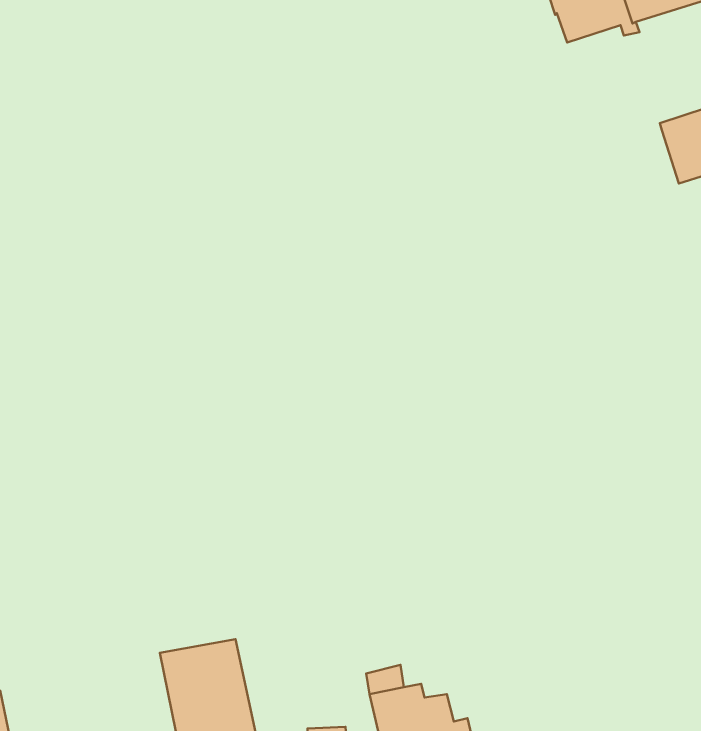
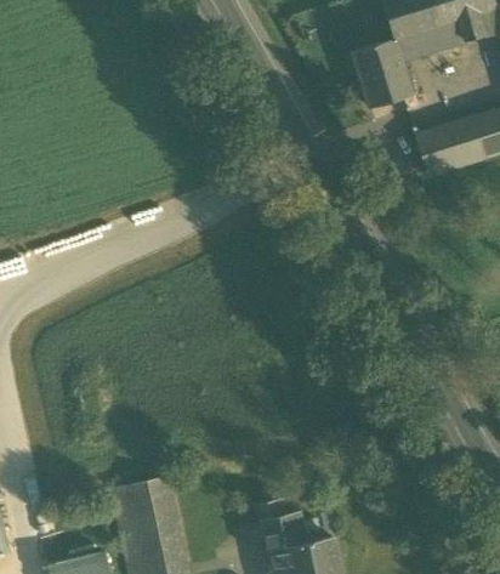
building: none -> [353,39,413,108]
building: none -> [417,121,481,176]

